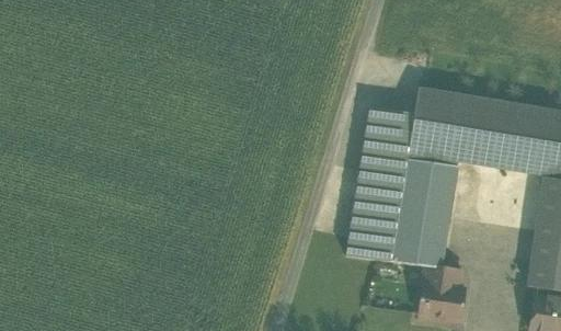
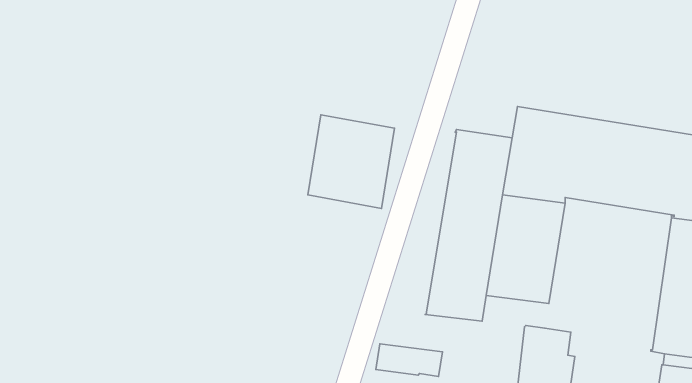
building: none -> [308,115,395,209]
building: [390,240,444,266] -> [376,344,443,376]

